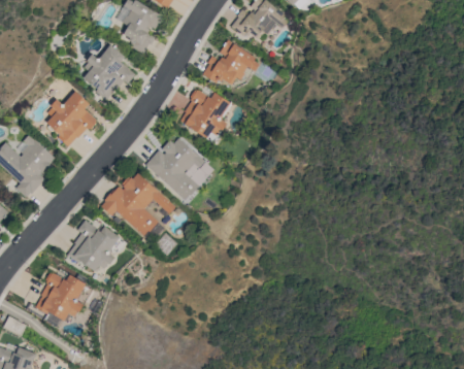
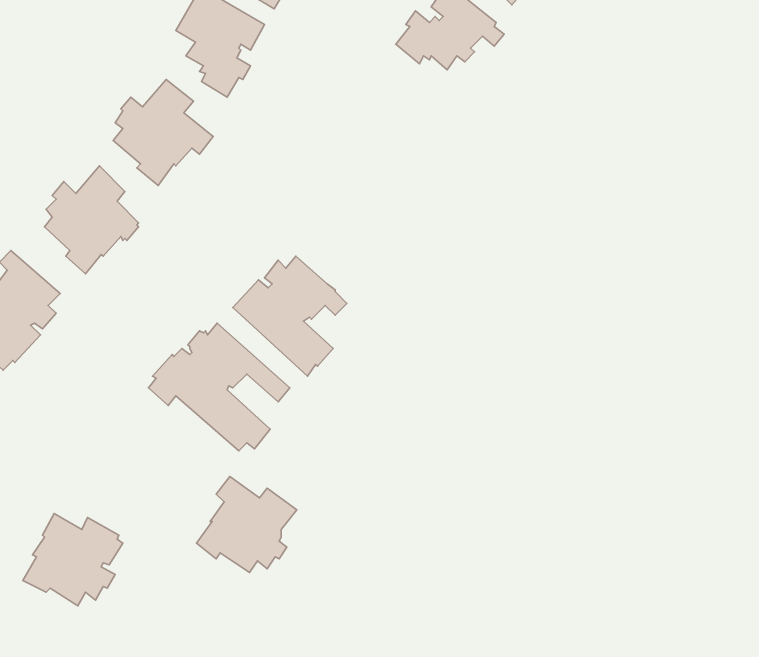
building: [202,39,259,85] -> none
building: [179,89,231,138] -> none
building: [67,220,120,270] -> [197,476,297,573]

